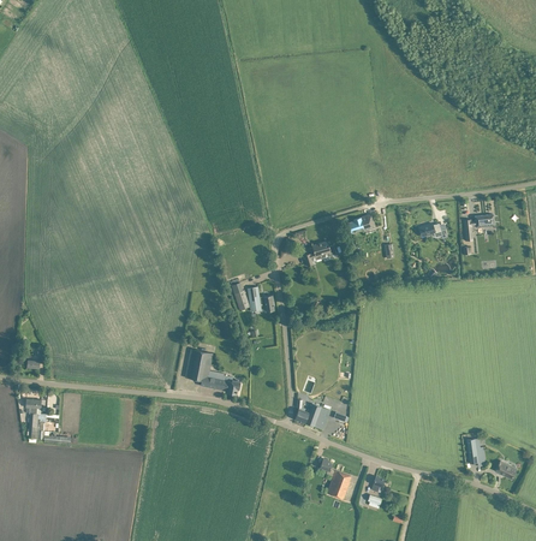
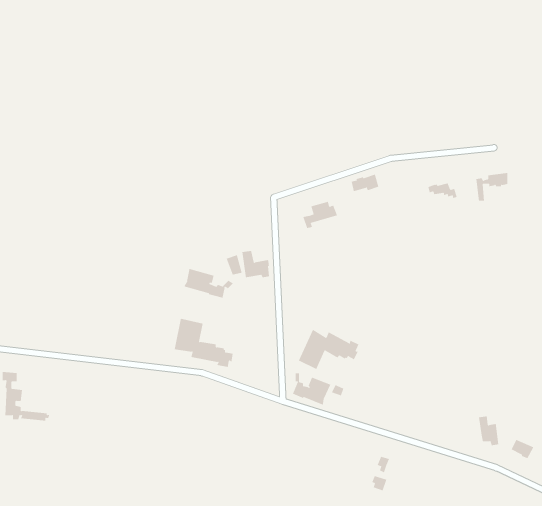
building: none -> [184,268,234,298]
building: none -> [298,329,359,370]
building: [320,458,351,498] -> none

